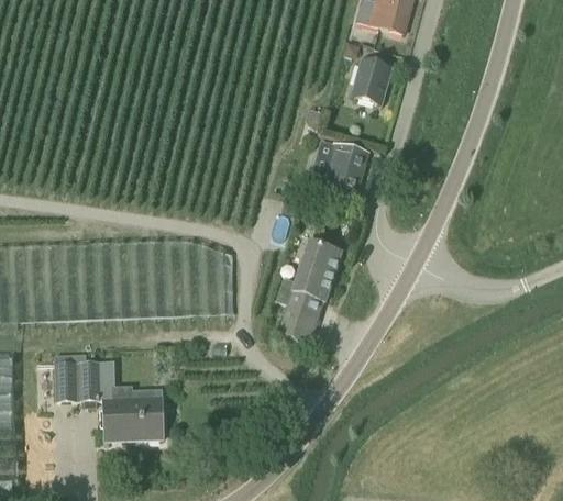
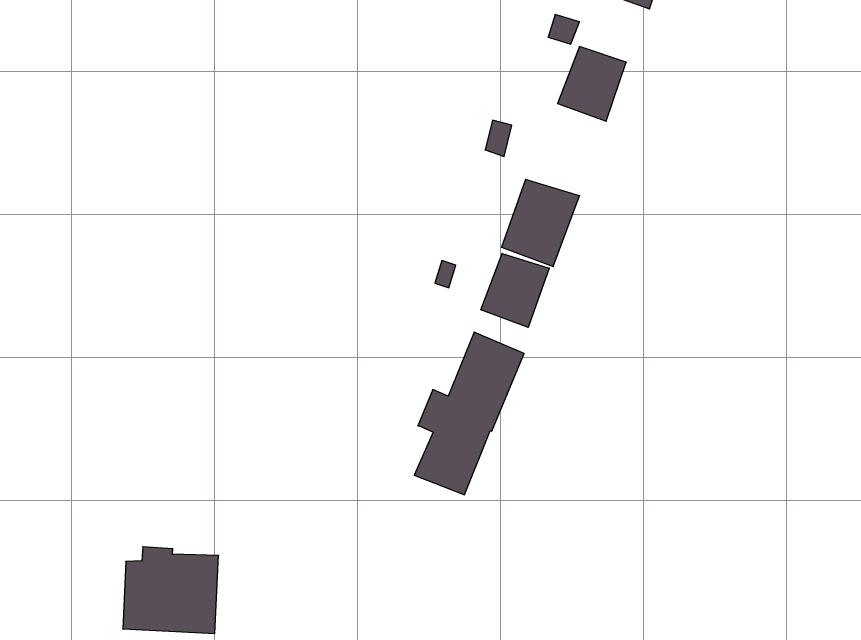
building: none -> [481,253,549,327]
building: [55,361,99,399] -> none

